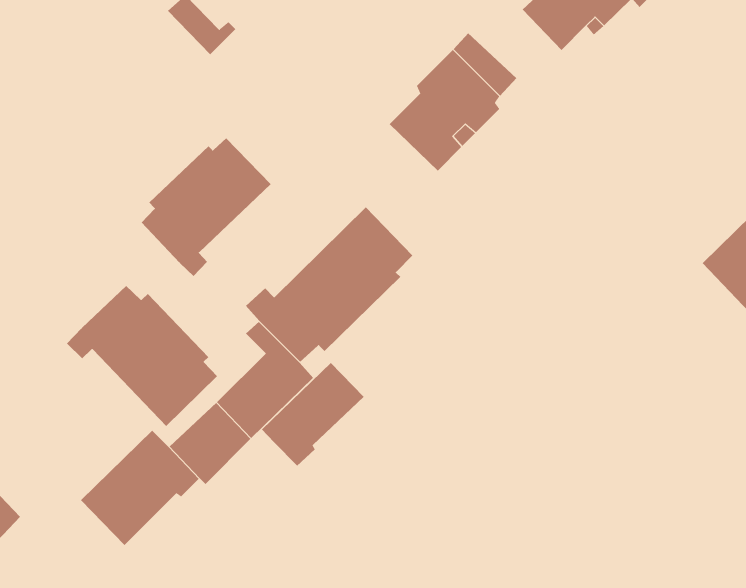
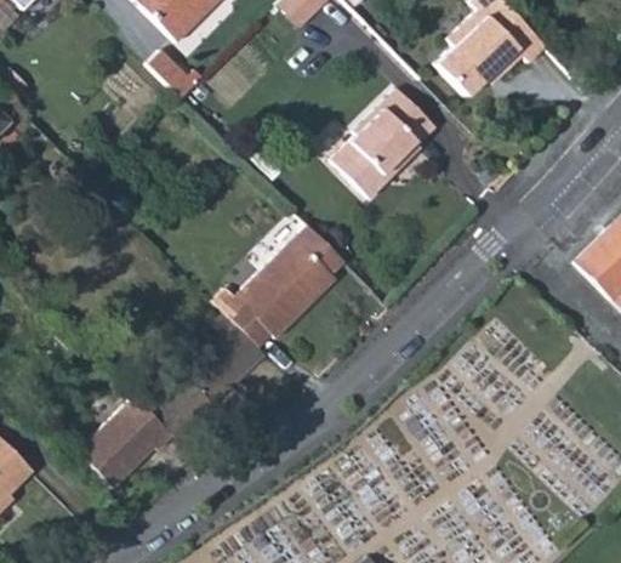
building: [141,137,271,277] -> none
building: [66,285,218,427] -> none
building: [261,362,365,467] -> none

